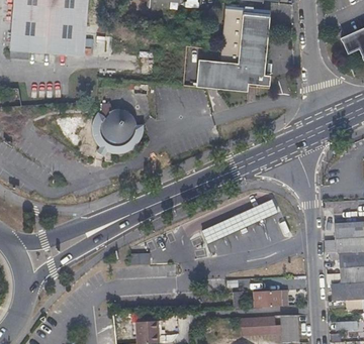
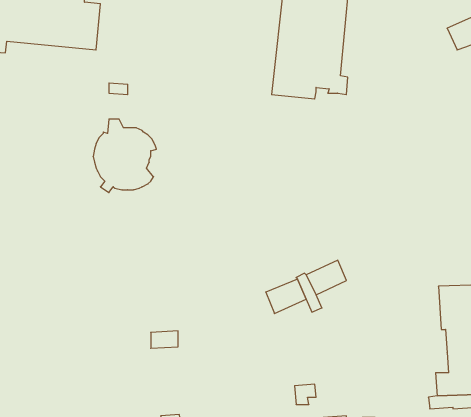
building: [196,59,219,88] -> none
building: [254,289,281,307] -> none

